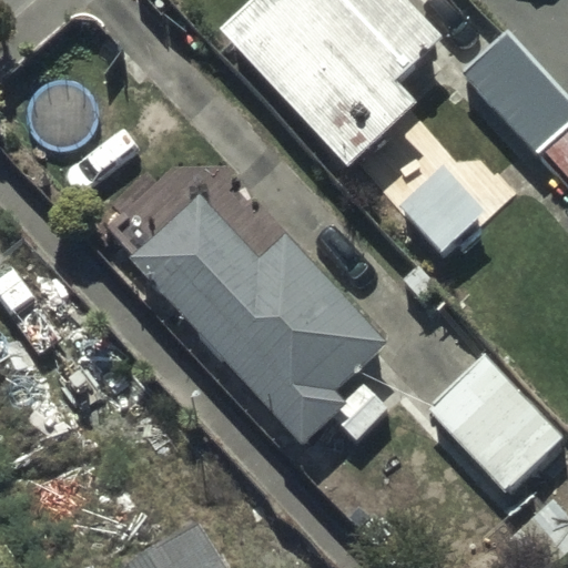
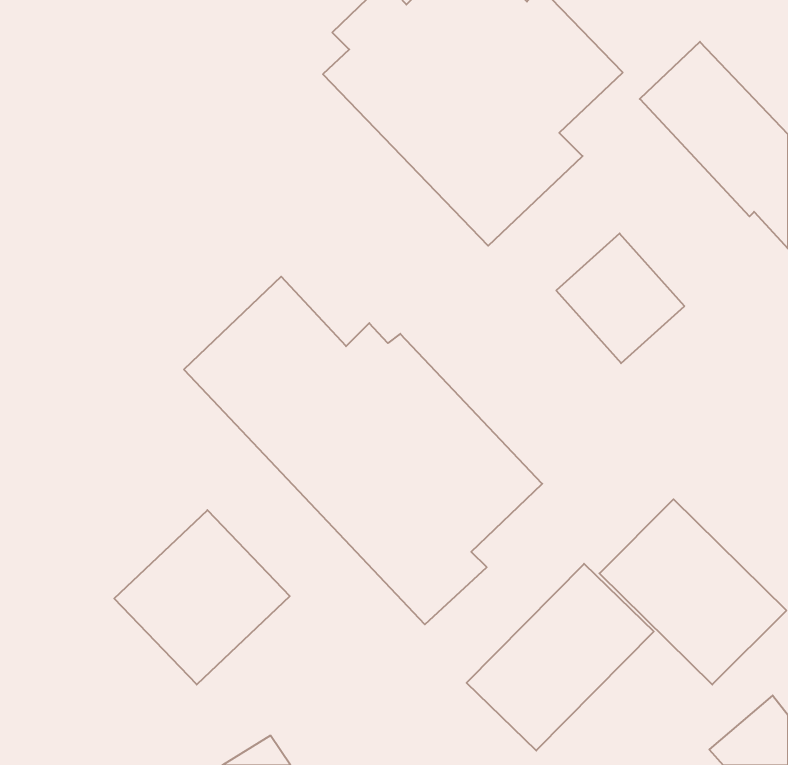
building: none -> [114,510,290,685]
building: none -> [467,564,654,751]

